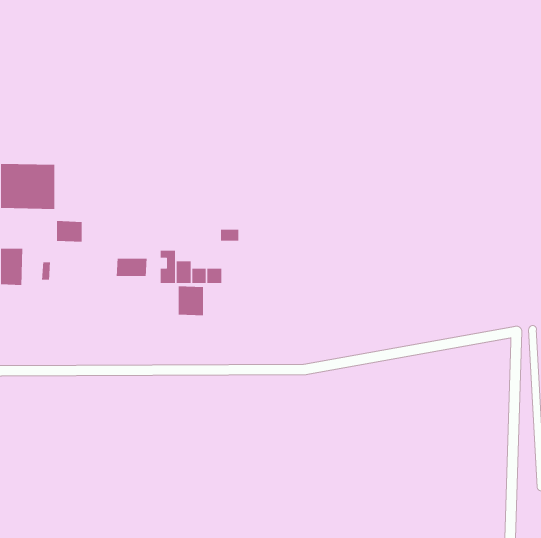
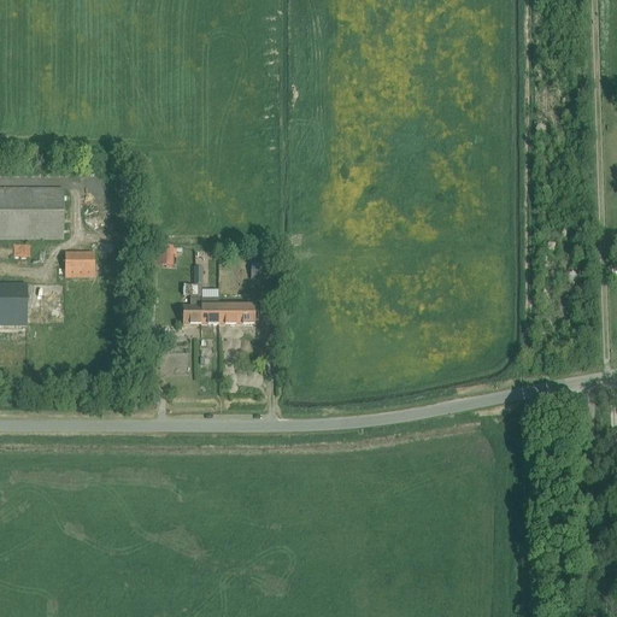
building: [116,258,147,277] -> none
building: [178,286,204,316] -> none

